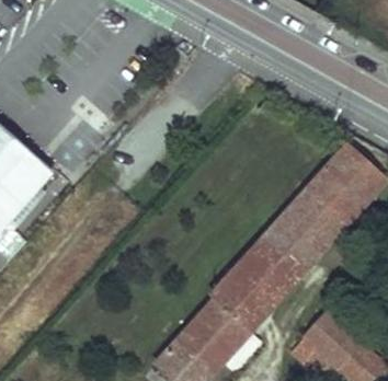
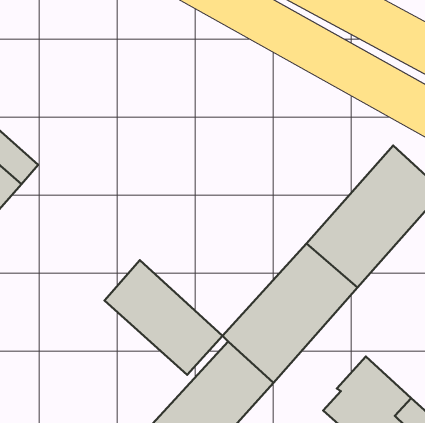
building: none -> [105,260,223,375]

